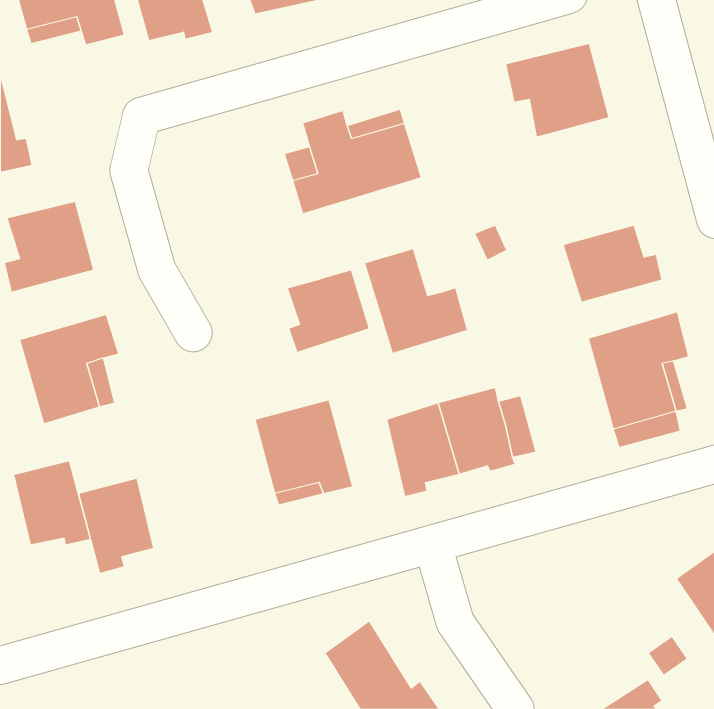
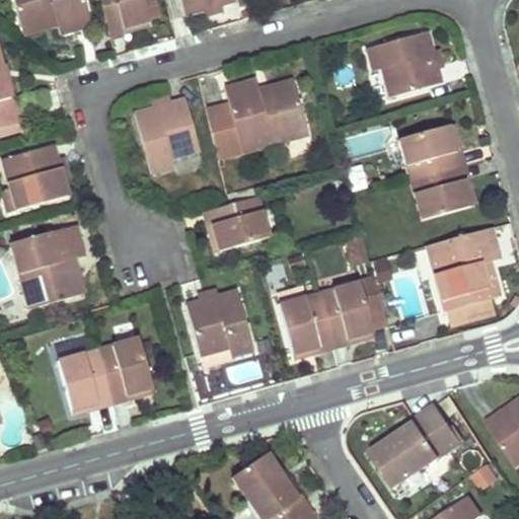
building: none -> [134,98,199,173]
building: none -> [398,123,463,177]
building: [364,249,468,353] -> none
building: [13,461,90,545] -> [100,337,156,397]
building: none -> [373,399,467,486]

